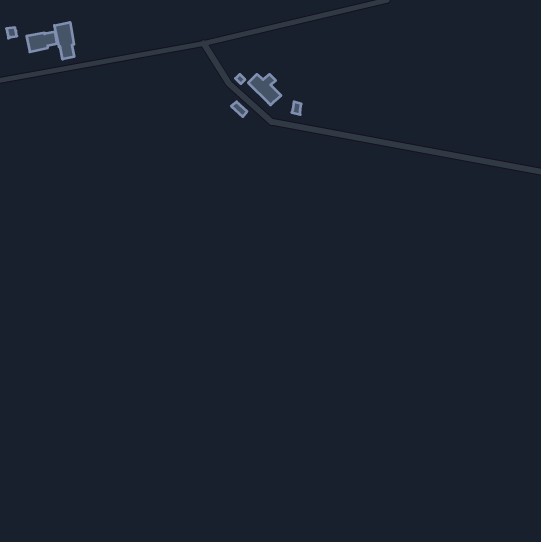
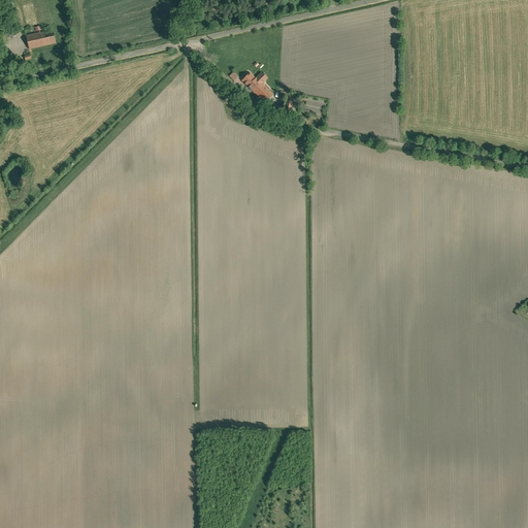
building: [54,22,74,59] -> none

